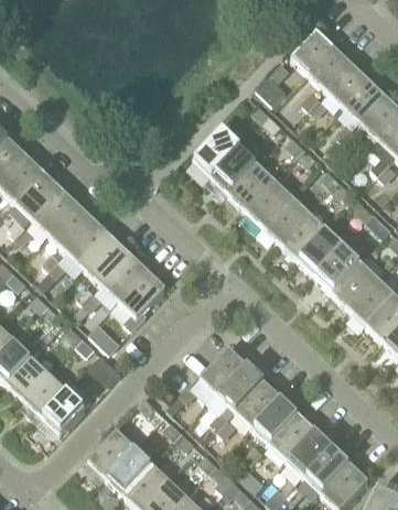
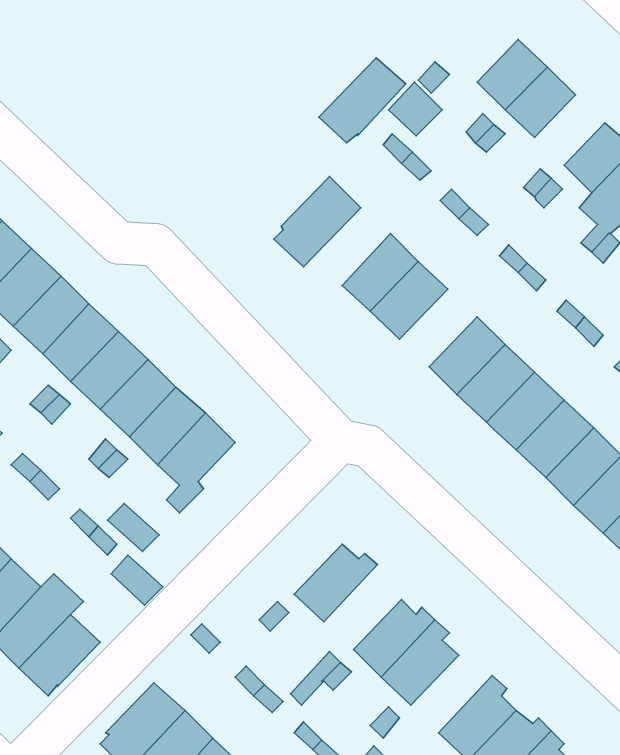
building: [292,30,335,73] -> none
building: [345,80,387,122] -> none
building: [207,148,259,198] -> [319,58,406,143]
building: [265,196,311,242] -> none
building: [219,360,266,411] -> none
building: [271,414,320,460] -> none

